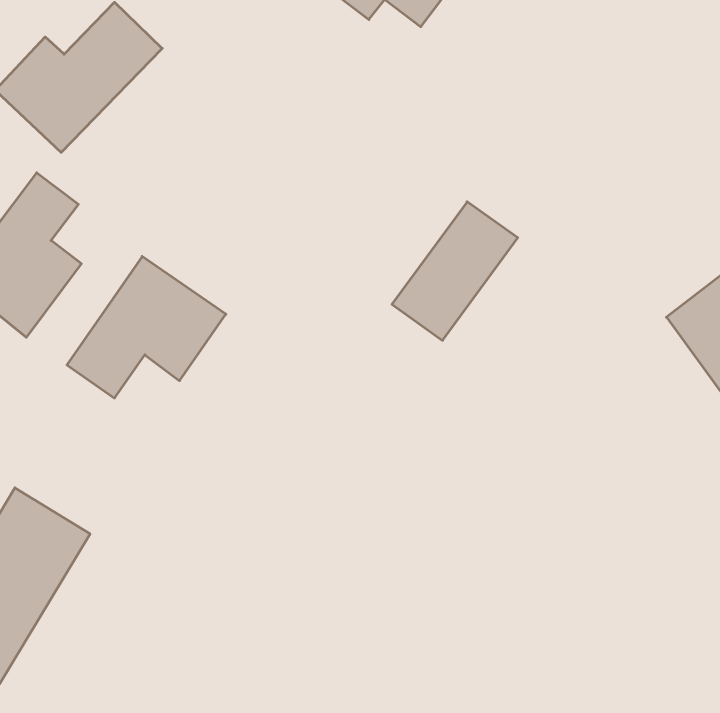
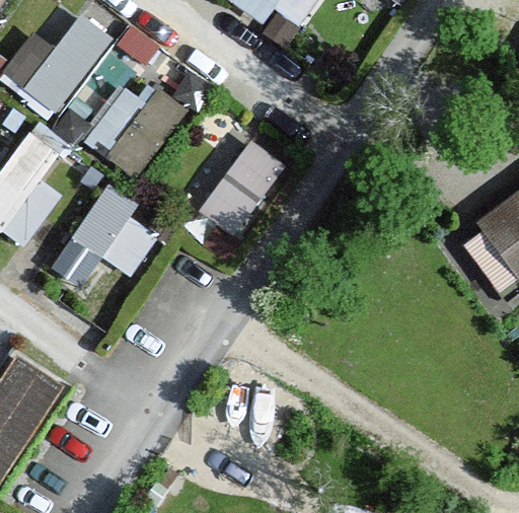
building: none -> [86,79,176,173]
building: [392,202,518,340] -> [197,140,285,237]

